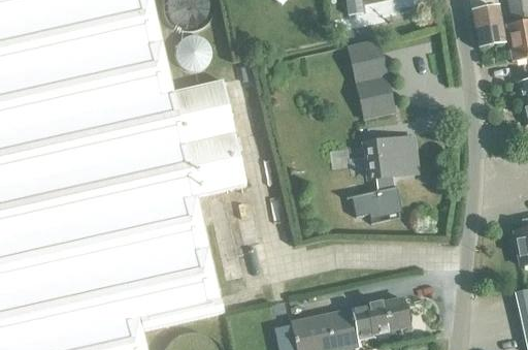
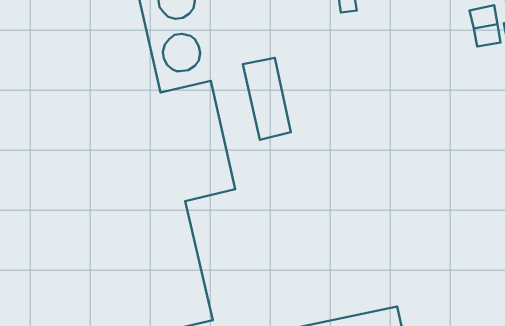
building: [346,39,393,119] -> [243,58,291,140]
building: [352,139,416,223] -> none

